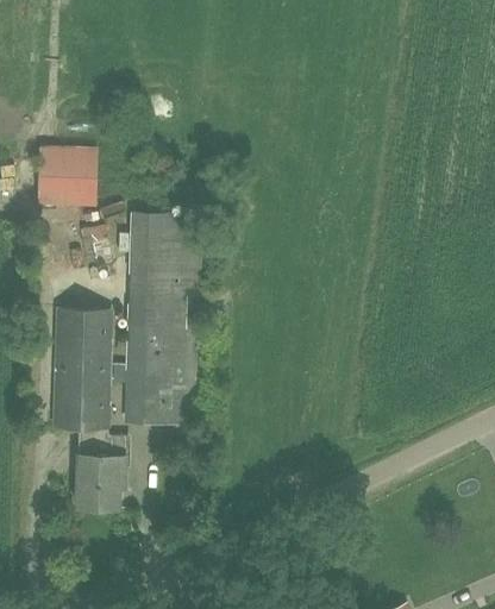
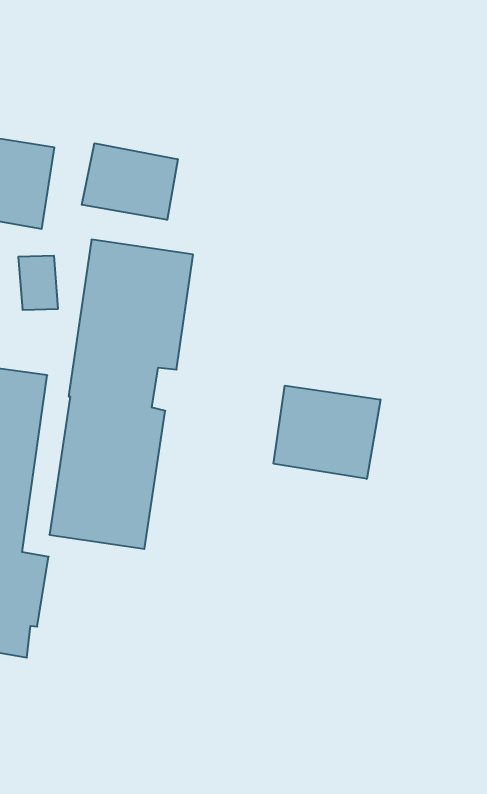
building: none -> [82,143,178,220]
building: none -> [274,386,380,479]

